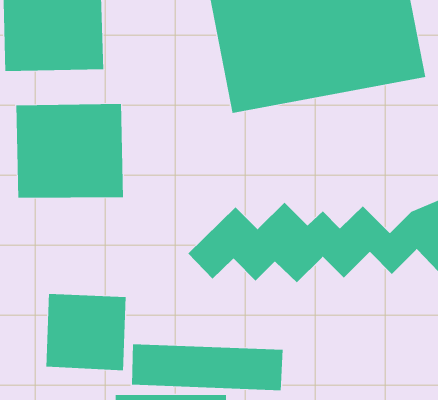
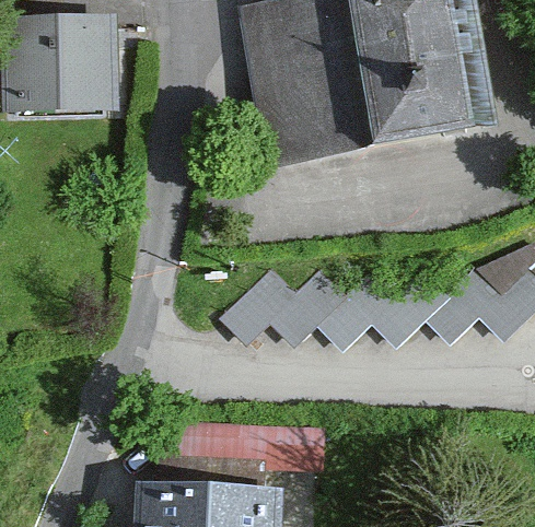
building: [16,103,123,199] -> none
building: [46,293,126,371] -> none

